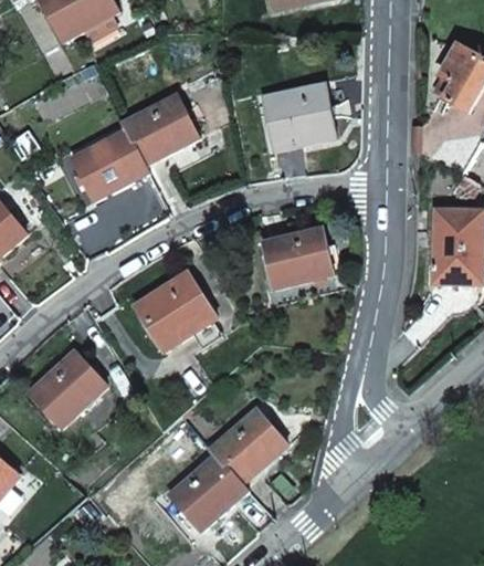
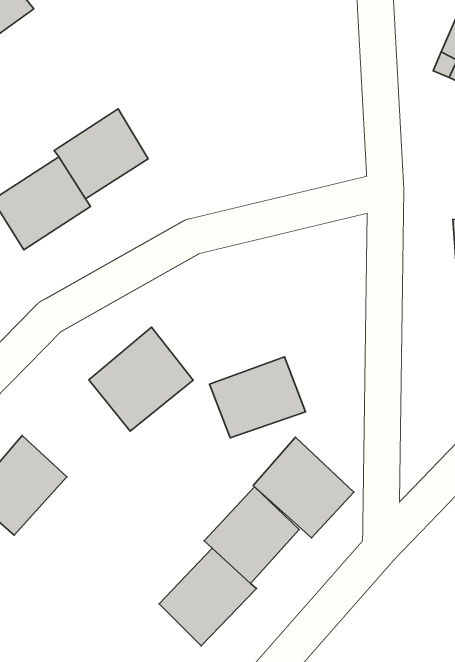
building: [263,85,336,150] -> none
building: [261,229,335,289] -> [209,357,306,438]
building: none -> [253,437,354,538]

